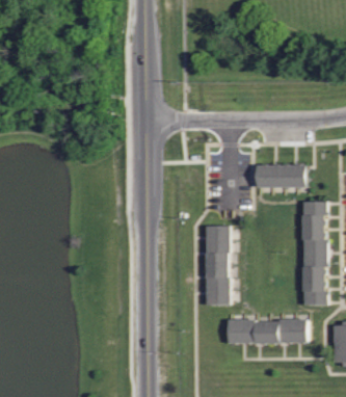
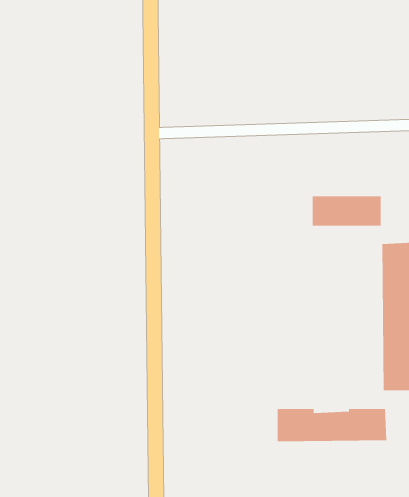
building: [205,223,230,305] -> none

